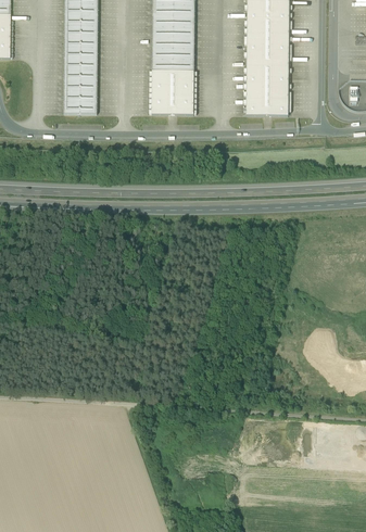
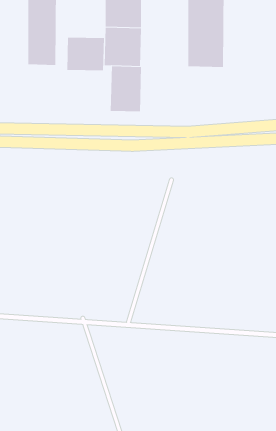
building: none -> [67,37,104,71]
building: none -> [110,66,142,112]

